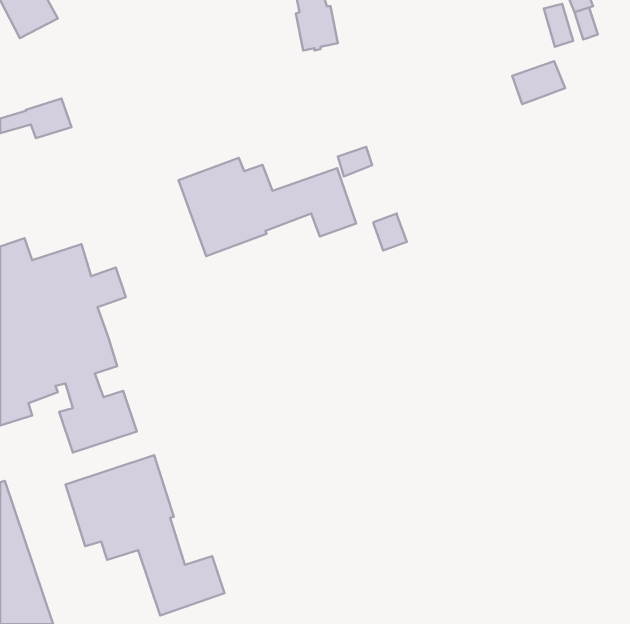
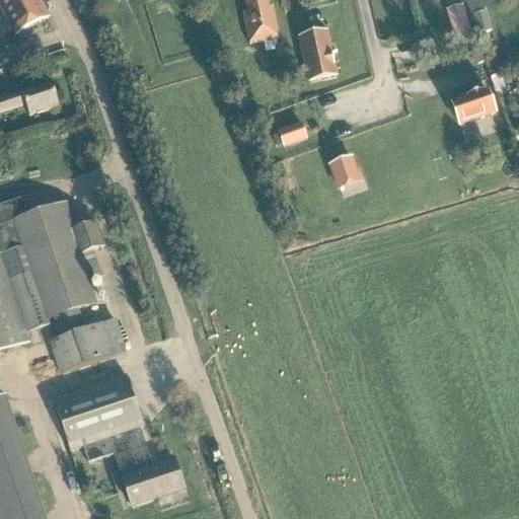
building: none -> [297,30,337,79]
building: [512,61,565,104] -> [452,87,496,123]
building: [179,158,356,256] -> none
building: [373,214,407,251] -> [330,155,358,186]

